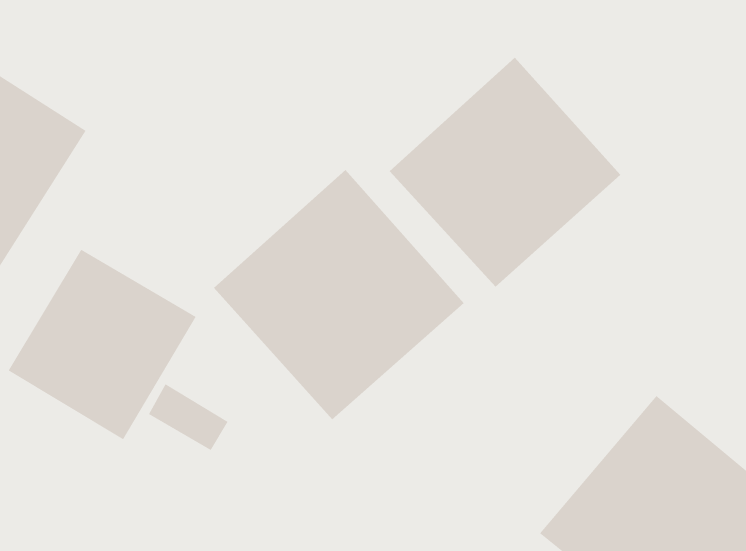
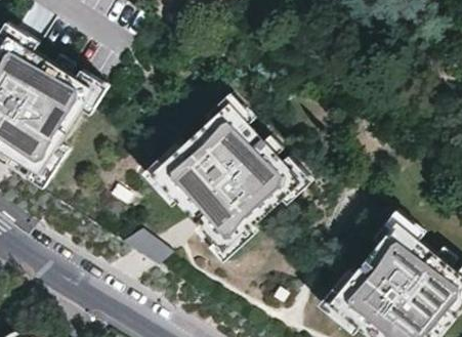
building: [389,57,621,288] -> none
building: [8,249,196,440] -> none

